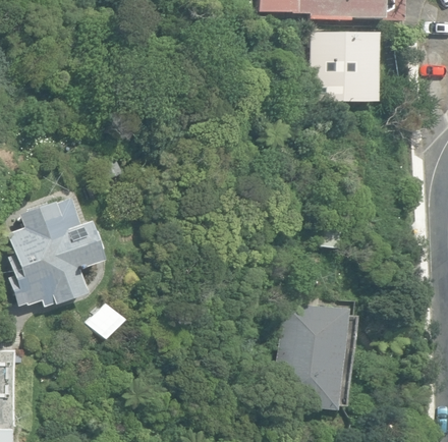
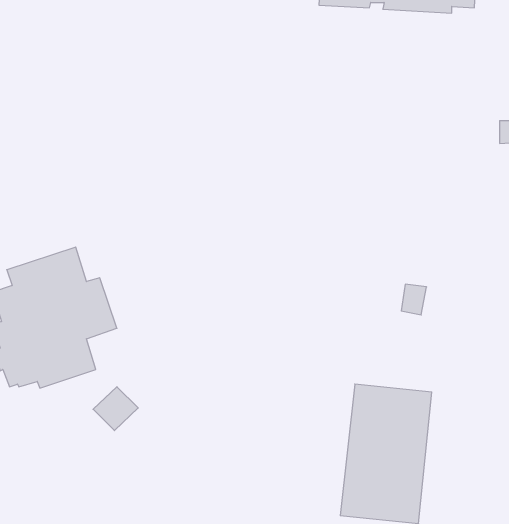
building: [307,32,380,101] -> none

